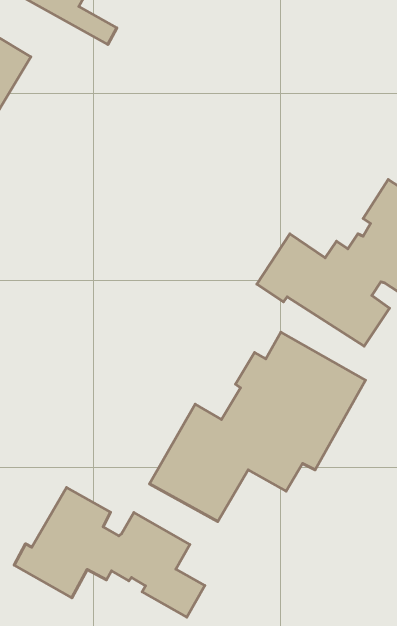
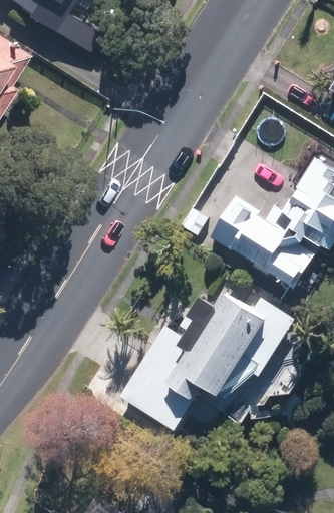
building: [14,488,205,617] -> none

